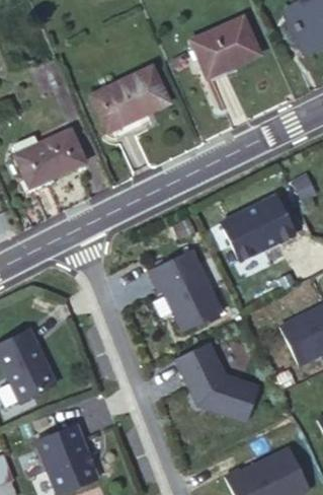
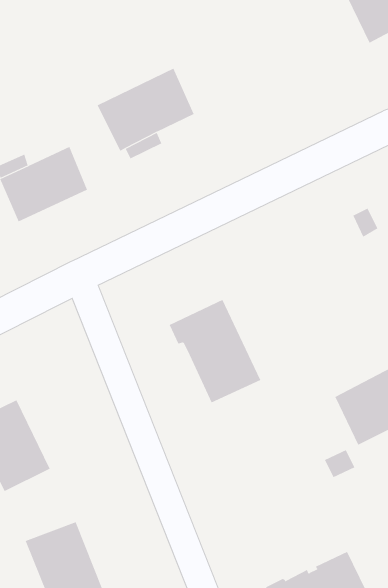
building: [190,18,259,78] -> none
building: [221,195,295,261] -> none
building: [175,343,258,422] -> none

